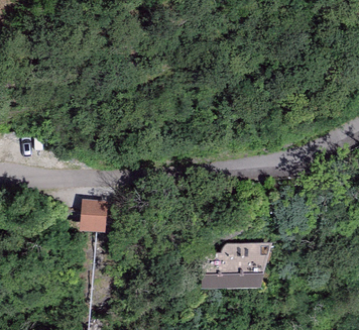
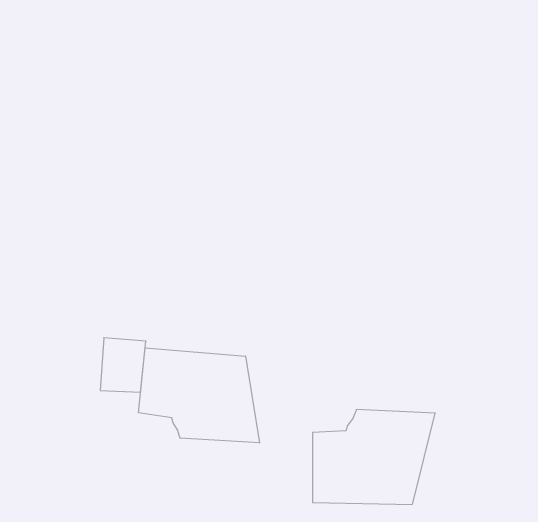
building: none -> [139,348,260,443]

